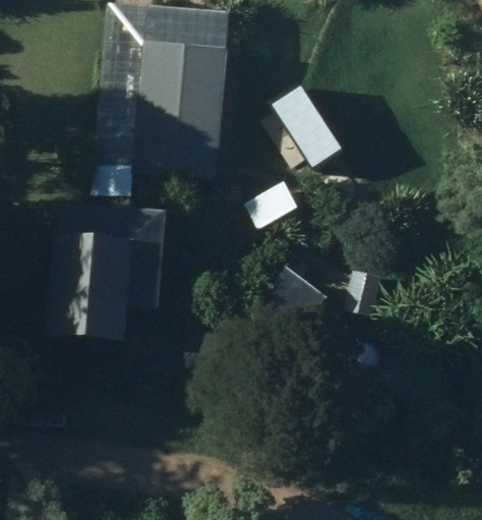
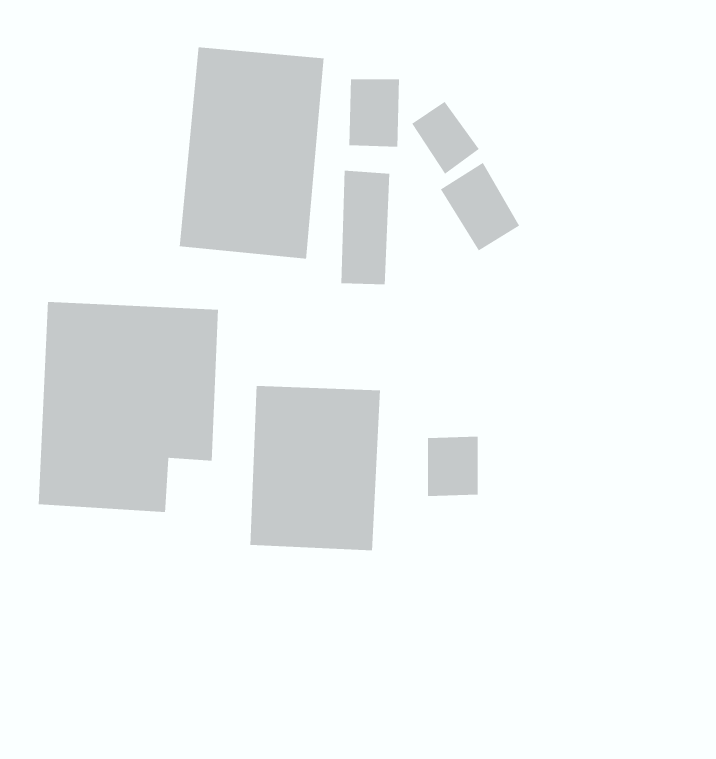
building: none -> [250,385,381,551]

